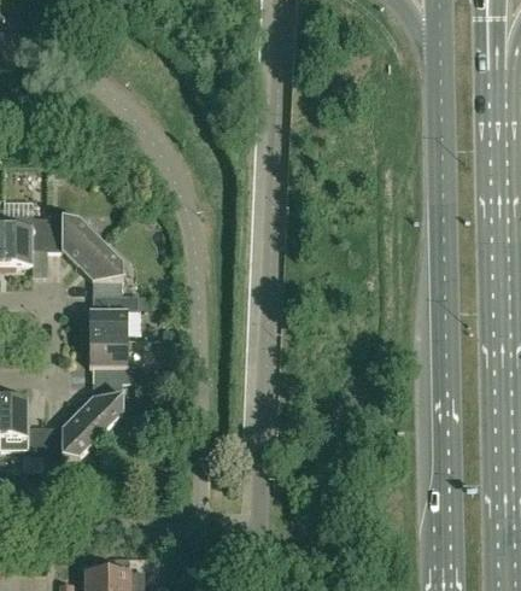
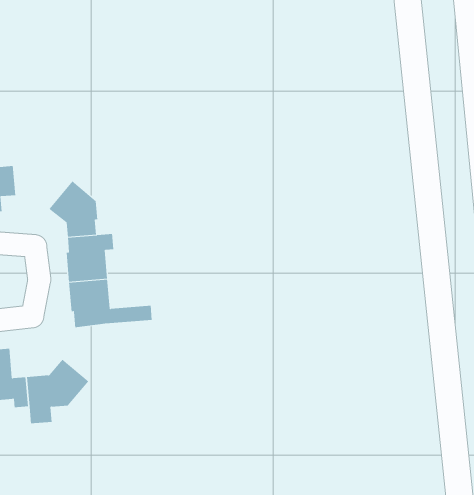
building: [46,217,101,265] -> none
building: [77,381,123,435] -> none

